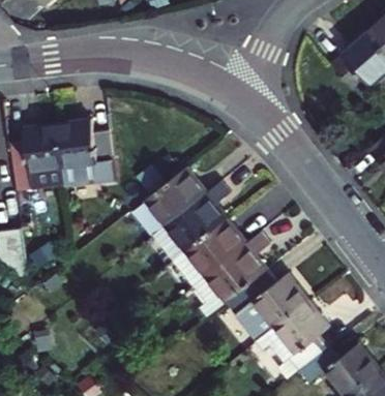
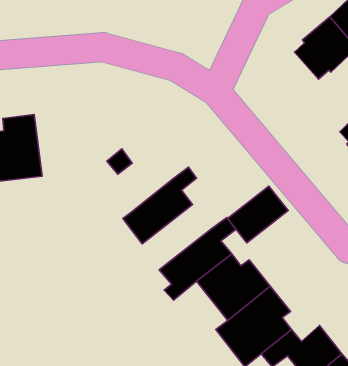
building: [61,120,120,187] -> none
building: [141,163,203,223] -> none
building: [181,216,243,274] -> [228,186,288,243]

